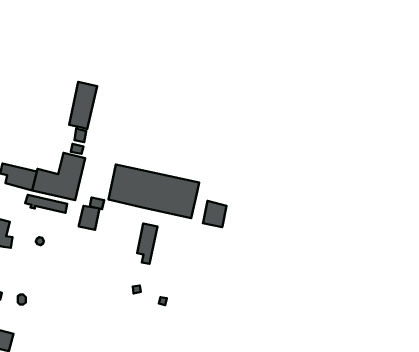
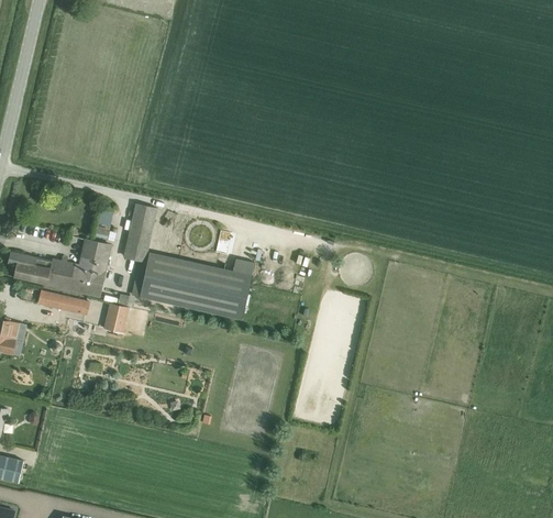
building: [69,82,97,129] -> [123,203,157,262]
building: [203,201,227,227] -> none
building: [137,223,158,264] -> none

